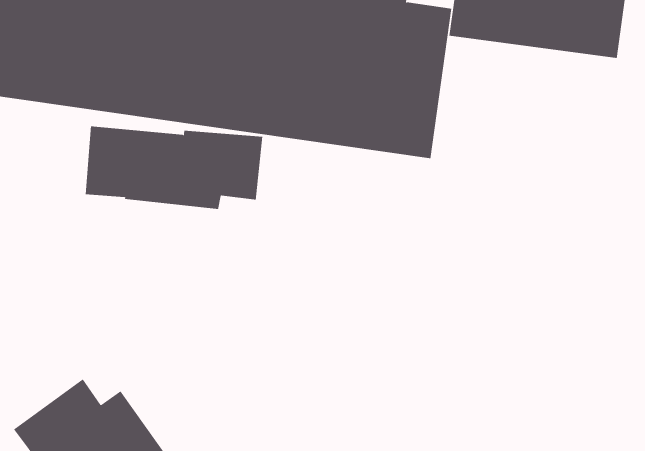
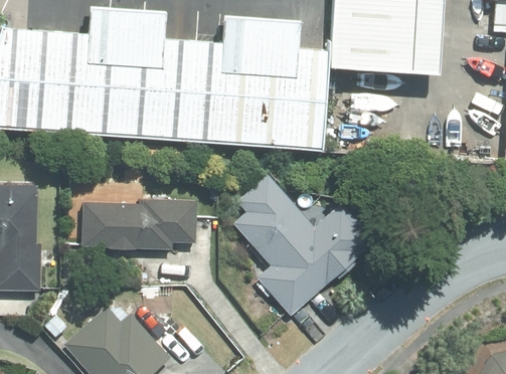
building: [85,126,263,210] -> [82,200,196,250]
building: none -> [234,174,374,317]

